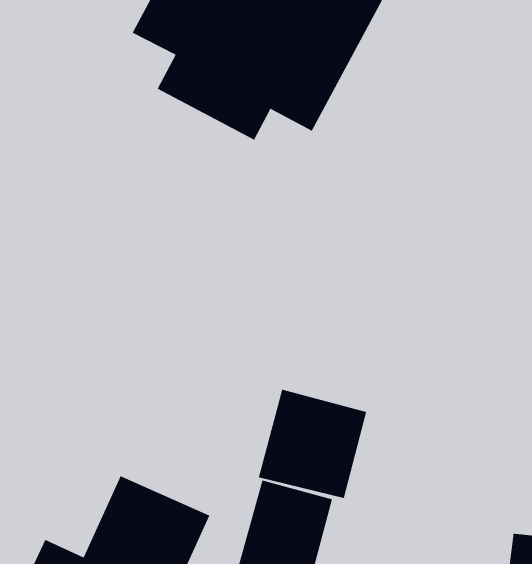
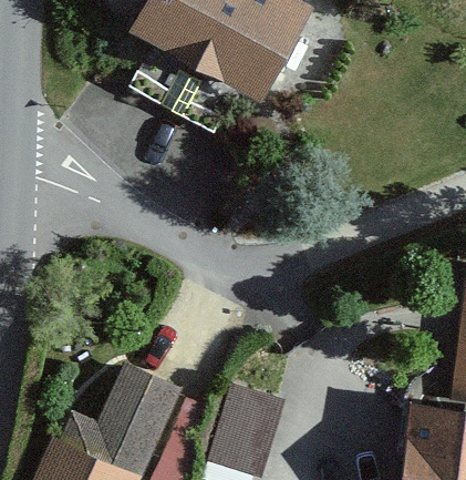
building: [258,389,367,499] -> none

